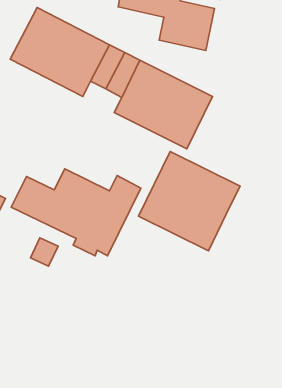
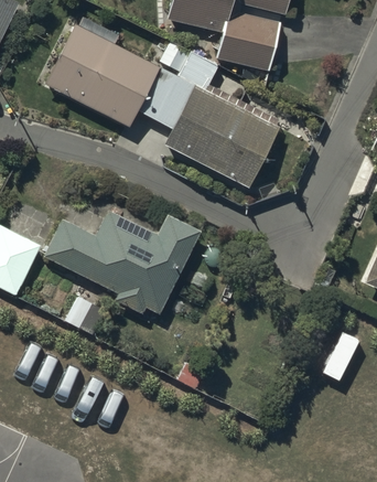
building: [139,152,240,251] -> none

